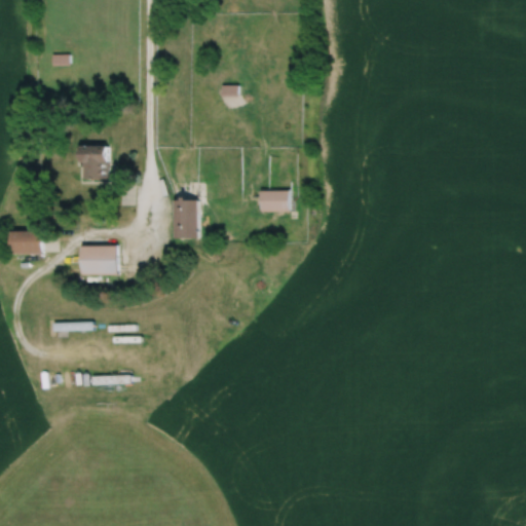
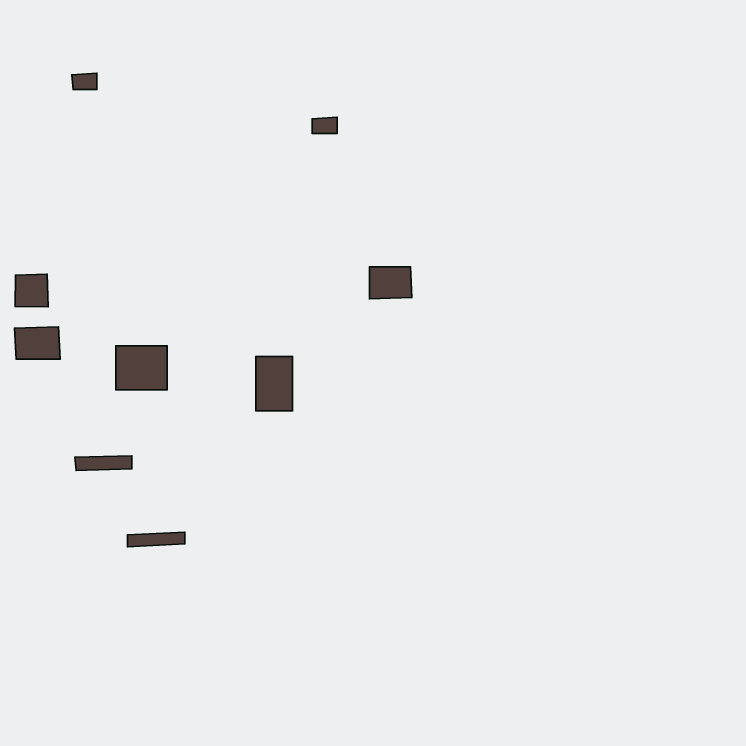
building: [80,146,107,179] -> none
building: none -> [15,274,48,307]
building: [172,200,197,238] -> [256,356,293,411]

